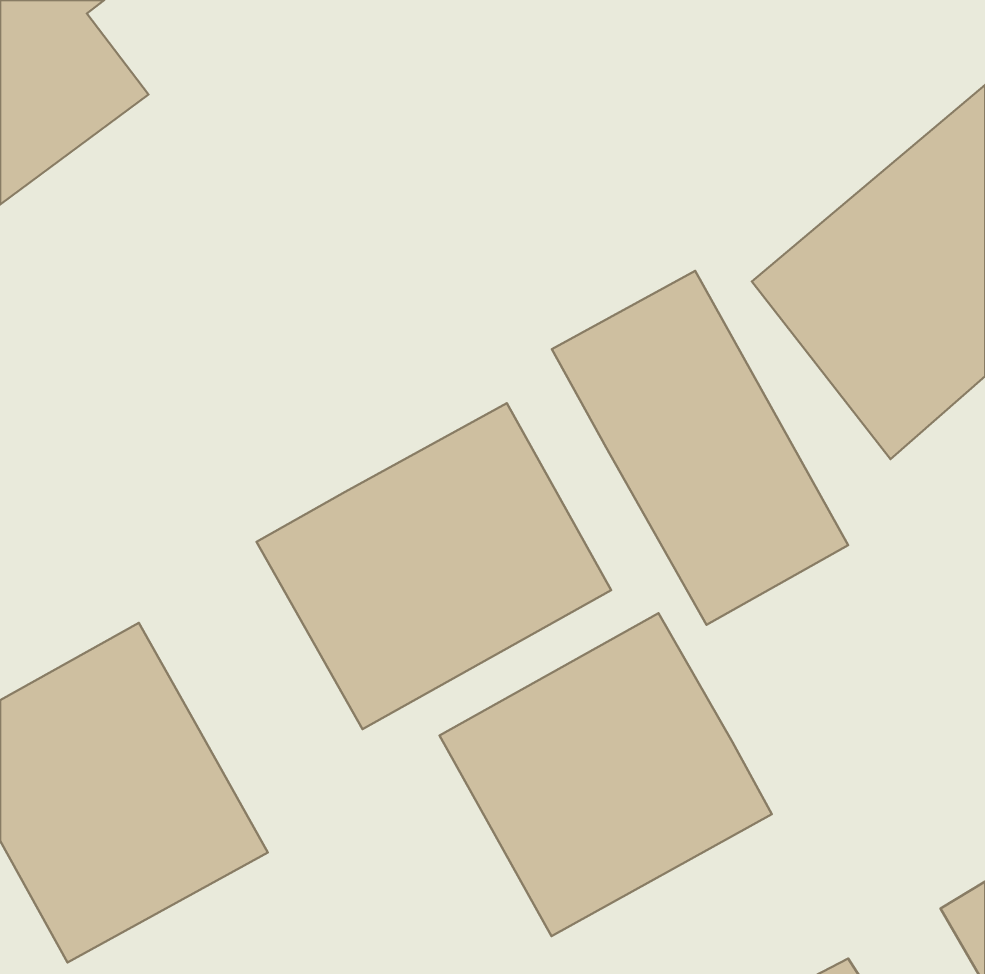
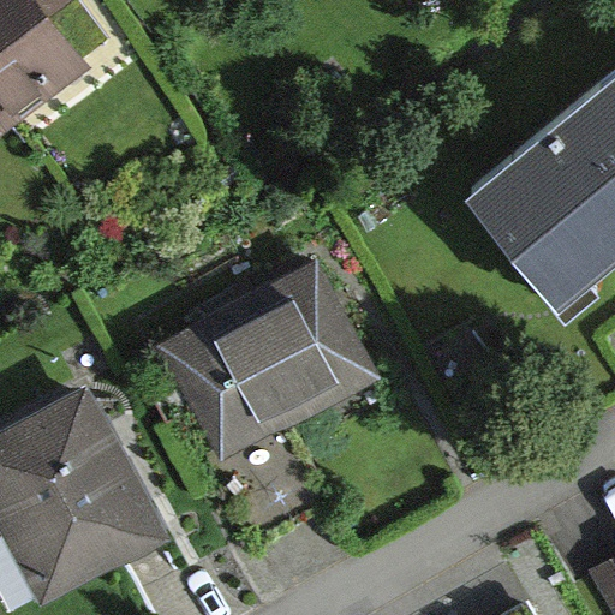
building: [552,271,848,625] -> none
building: [440,613,772,936] -> none

